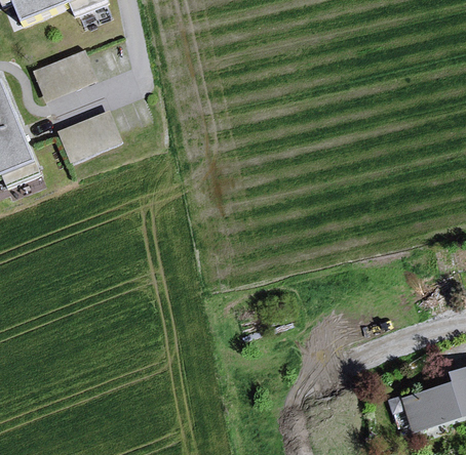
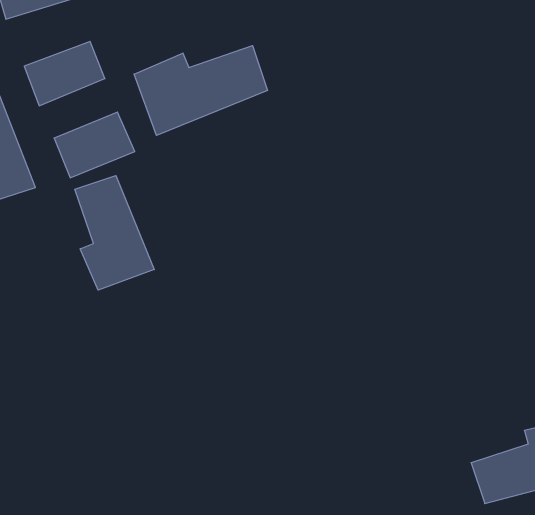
building: none -> [134,46,268,135]
building: none -> [75,176,154,290]

